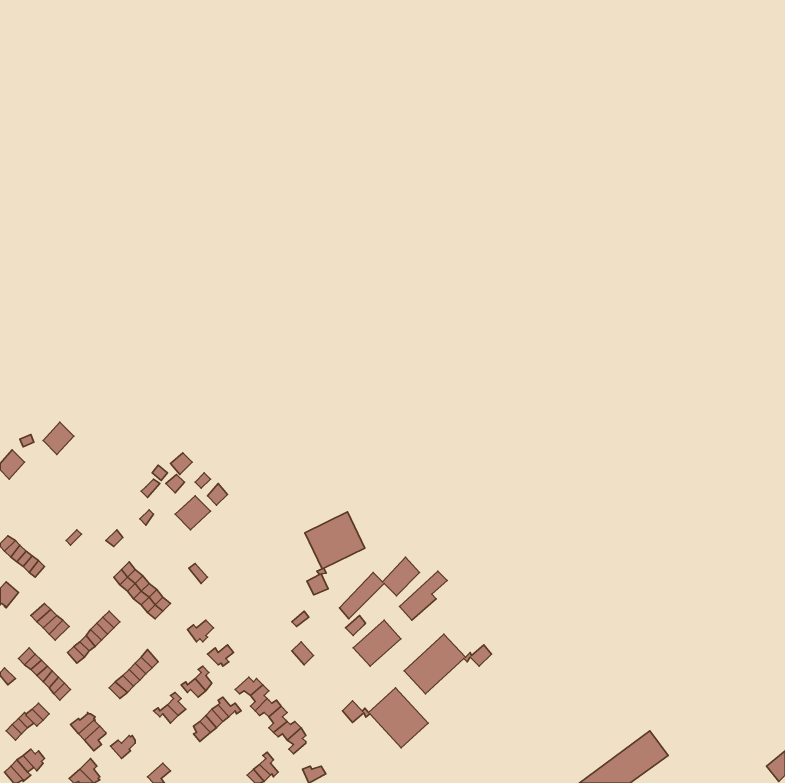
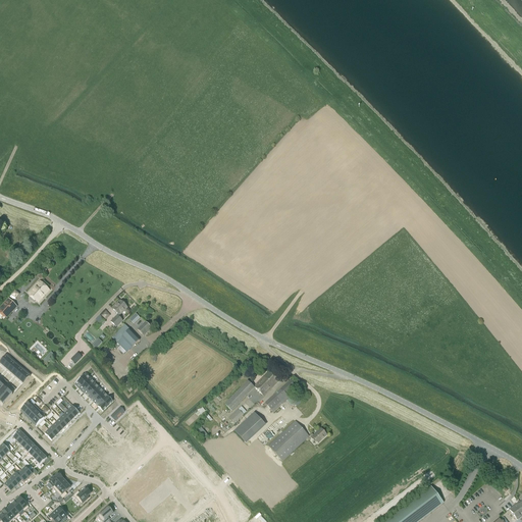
building: [305,512,365,595] -> none
building: [343,688,428,748] -> none

